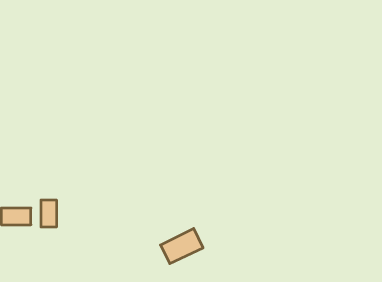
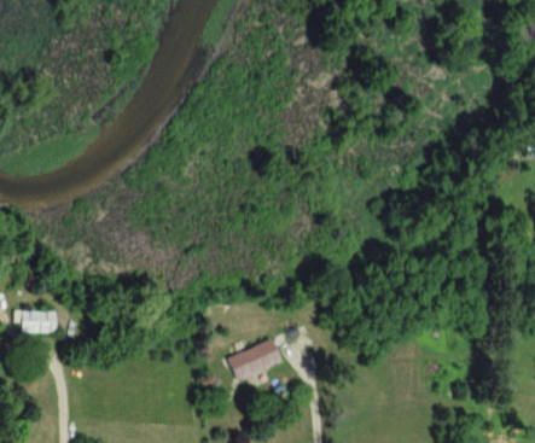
building: [41,200,56,227] -> none

